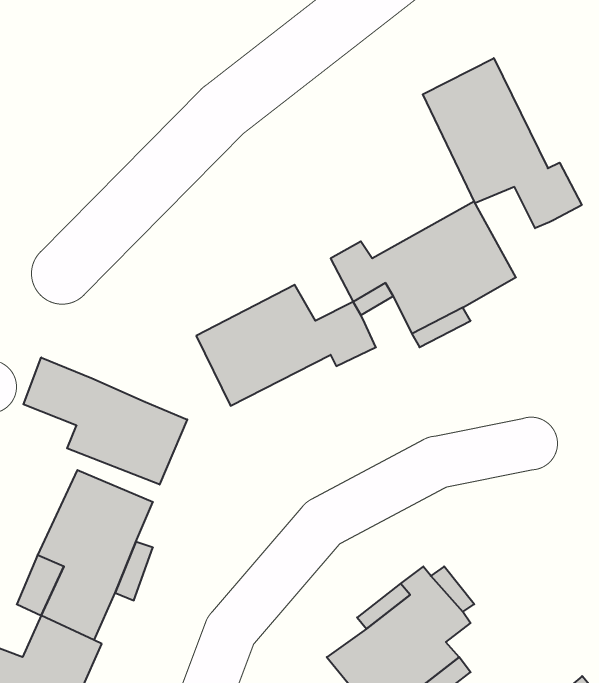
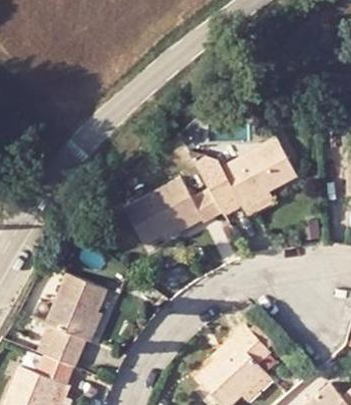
building: [423,58,582,228] -> none
building: [23,357,187,485] -> none

